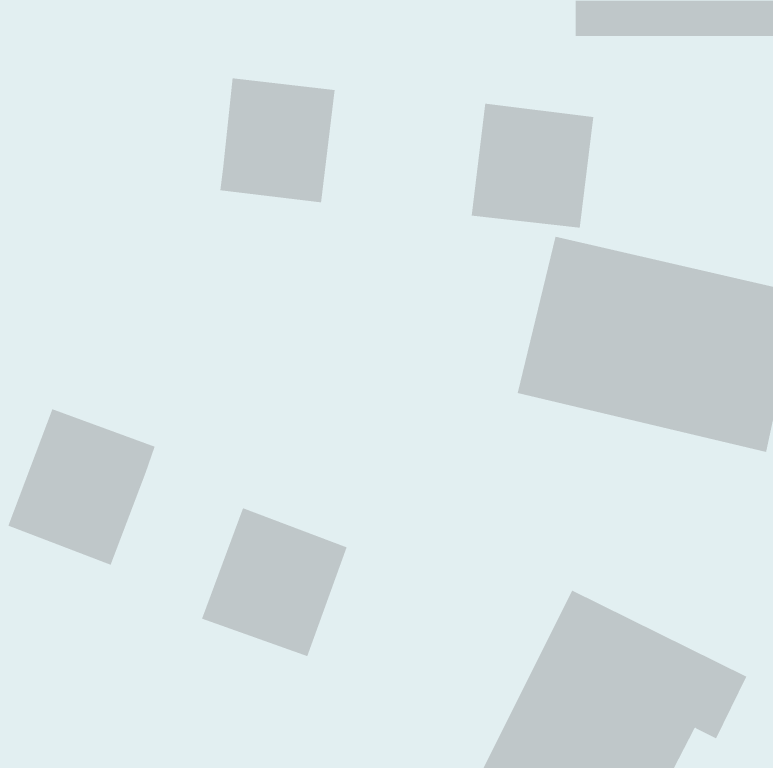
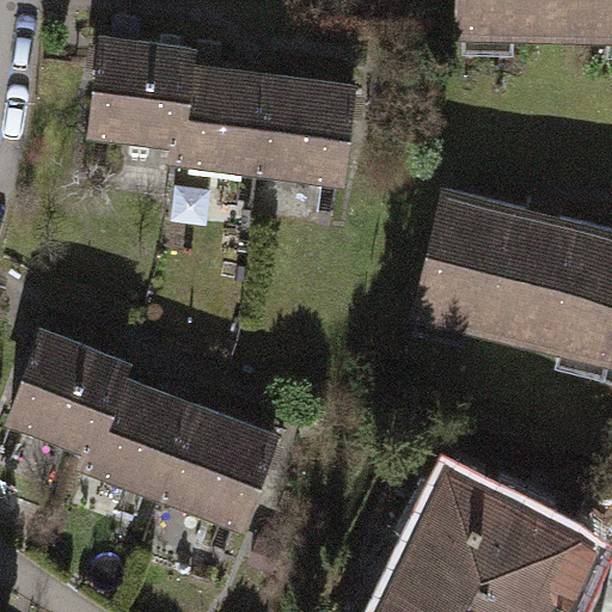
building: none -> [93,36,190,139]
building: [471,103,594,228] -> [257,79,354,177]
building: none -> [87,379,195,494]

